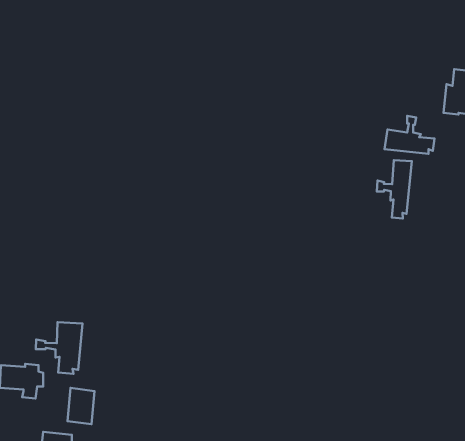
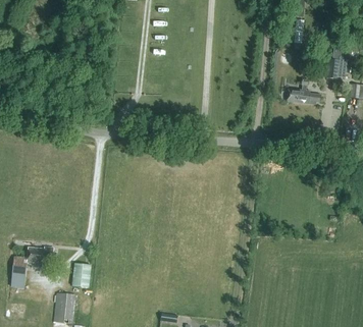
building: [377,160,412,218] -> none
building: [36,322,82,374] -> none

